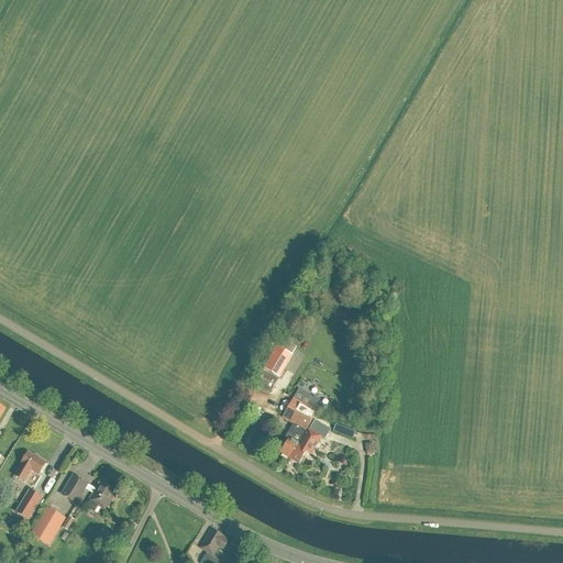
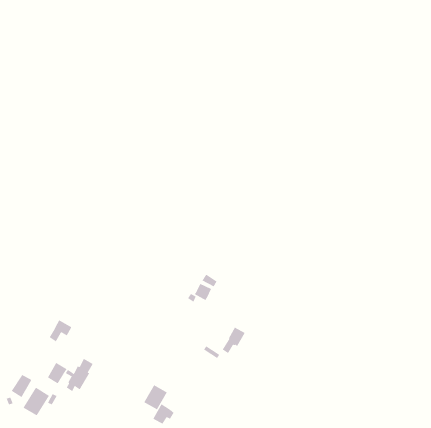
building: [280,394,321,456] -> none
building: [14,451,45,481] -> [49,319,72,342]
building: none -> [143,384,167,410]

